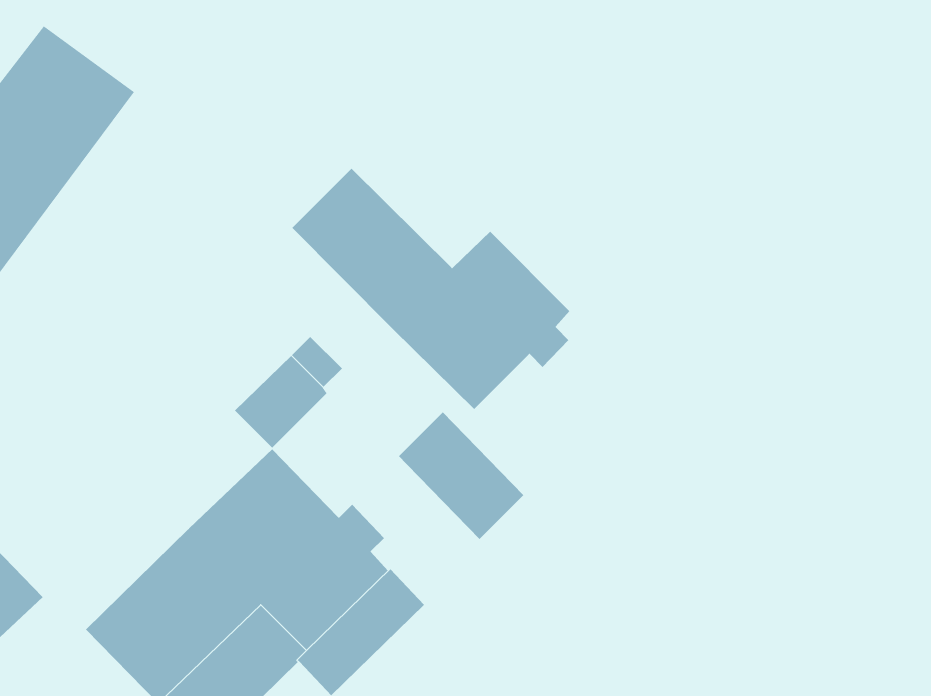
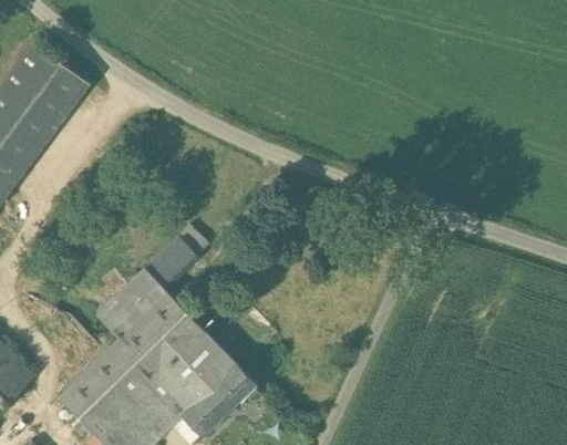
building: [291,168,570,410] -> none
building: none -> [95,270,166,339]
building: [398,412,524,540] -> none

